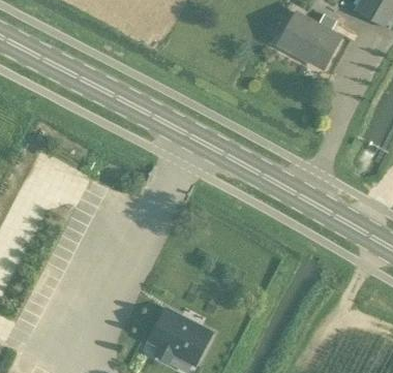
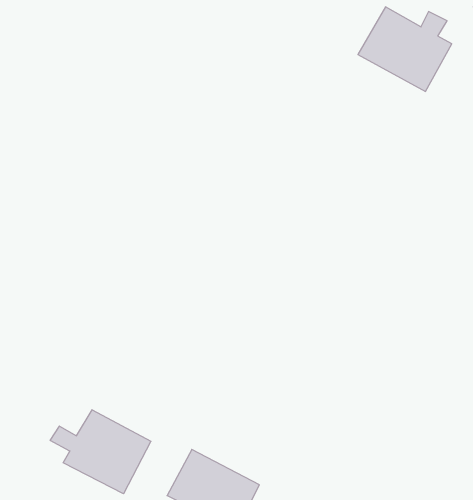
building: none -> [50,410,151,494]

